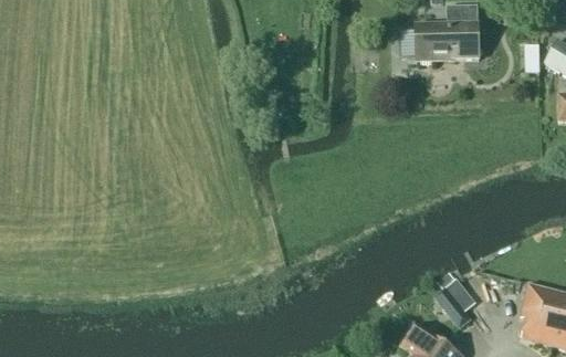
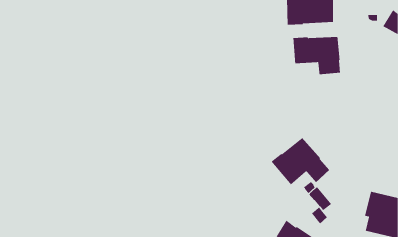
building: none -> [293,36,341,75]
building: none -> [270,137,330,185]

